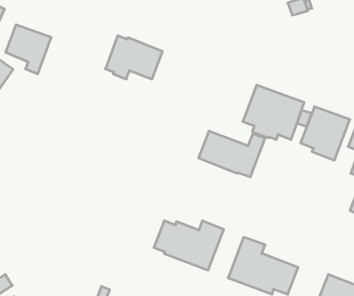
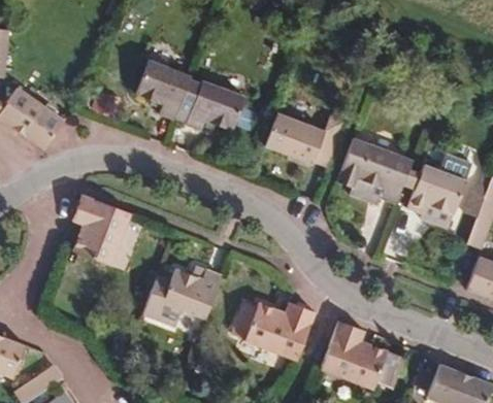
building: [6,25,51,74] -> [135,63,190,122]
building: [199,131,265,177] -> [265,113,344,168]
building: none -> [72,195,130,265]
building: none -> [143,266,222,323]

